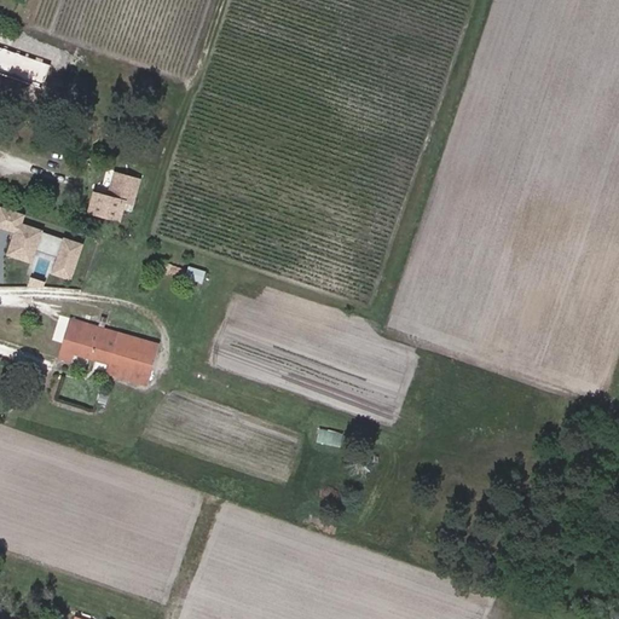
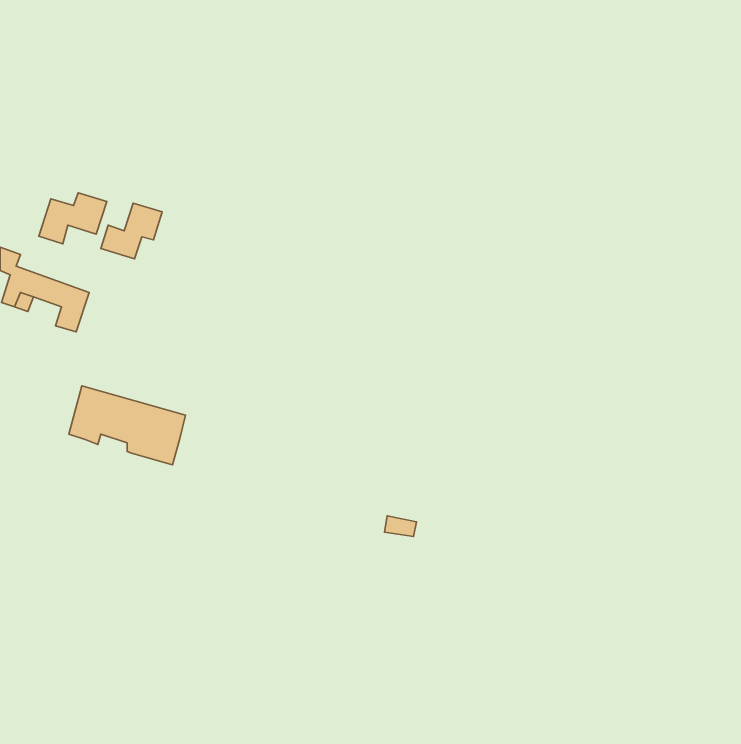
building: none -> [39,193,107,244]

